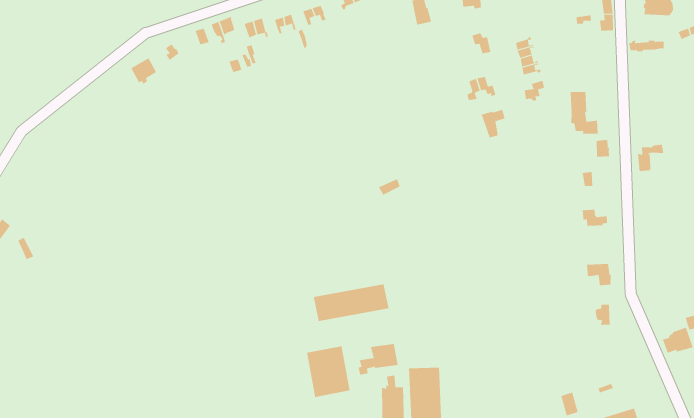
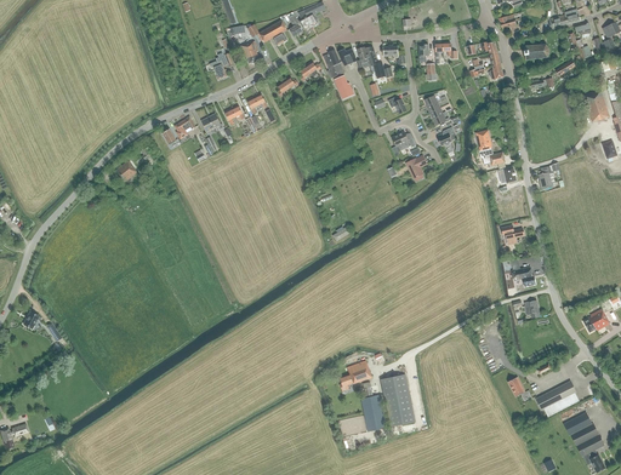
building: [313,284,389,322] -> none
building: [307,345,350,398] -> none

